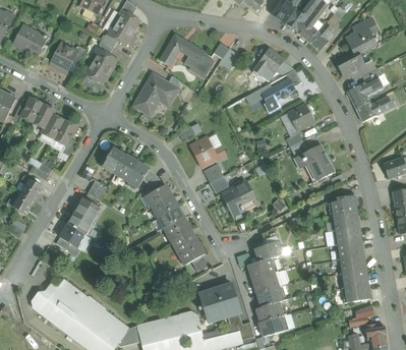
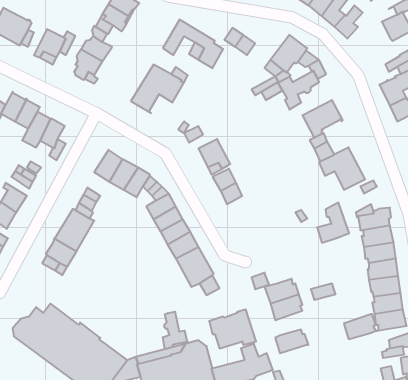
building: [337,50,363,75] -> none
building: [222,181,255,212] -> none
building: [254,227,282,261] -> [317,203,349,243]
building: [256,285,284,306] -> [344,314,376,339]
building: none -> [163,312,188,349]
building: [258,314,286,336] -> none

